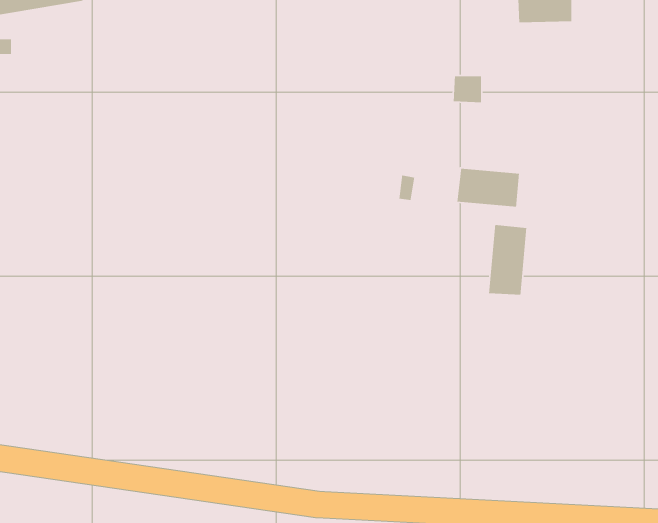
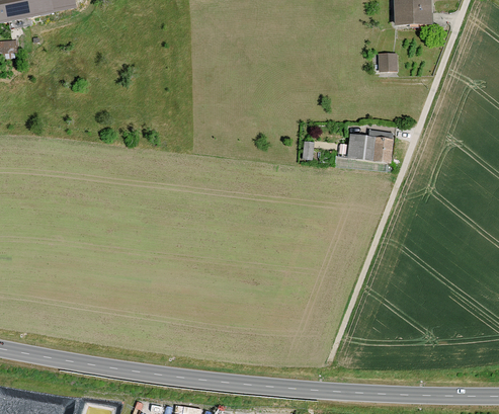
building: [453,76,482,103] -> [377,53,398,73]
building: [488,224,527,296] -> none

